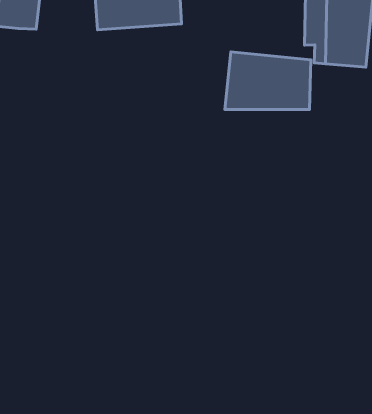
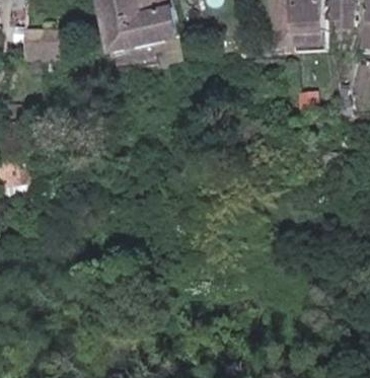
building: [225,52,311,110] -> none

